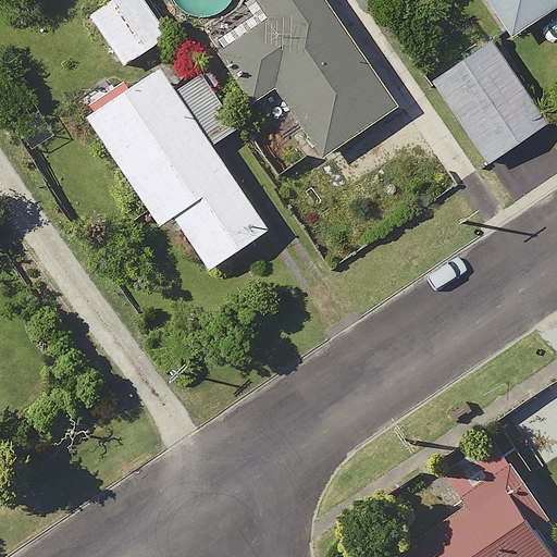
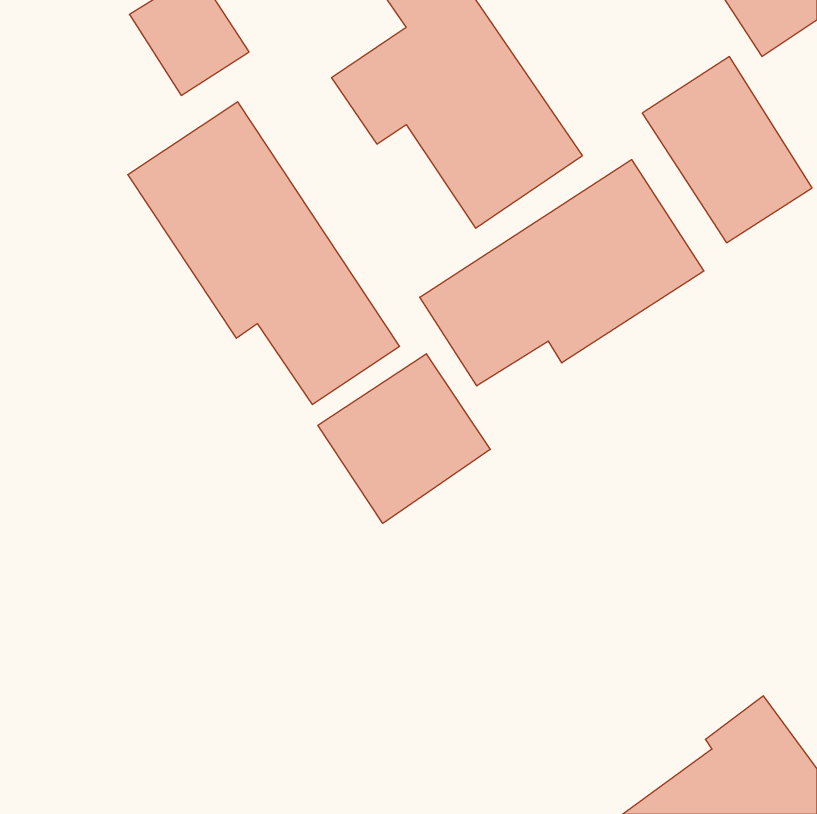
building: none -> [420,160,704,386]
building: none -> [318,354,490,523]

